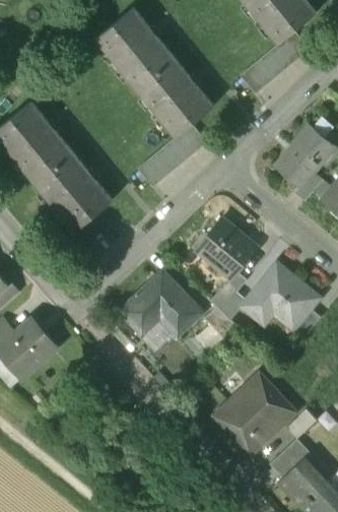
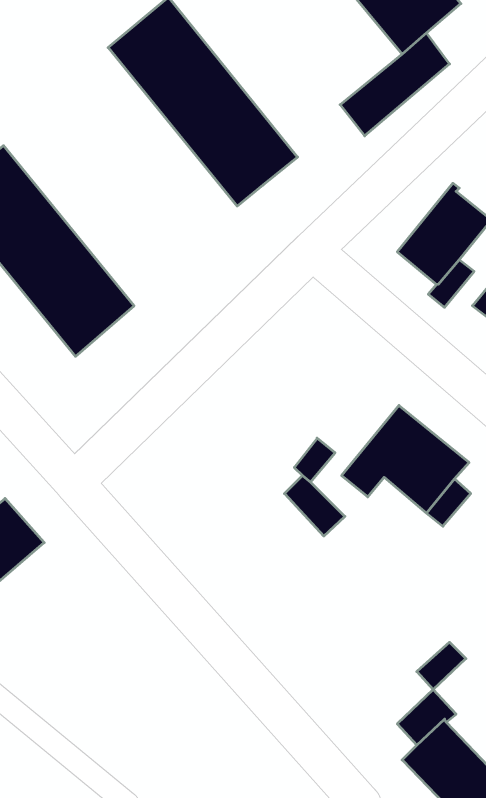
building: [138,125,207,188] -> none
building: [196,217,258,278] -> none
building: [121,271,201,334] -> none
building: [215,373,296,454] -> none

